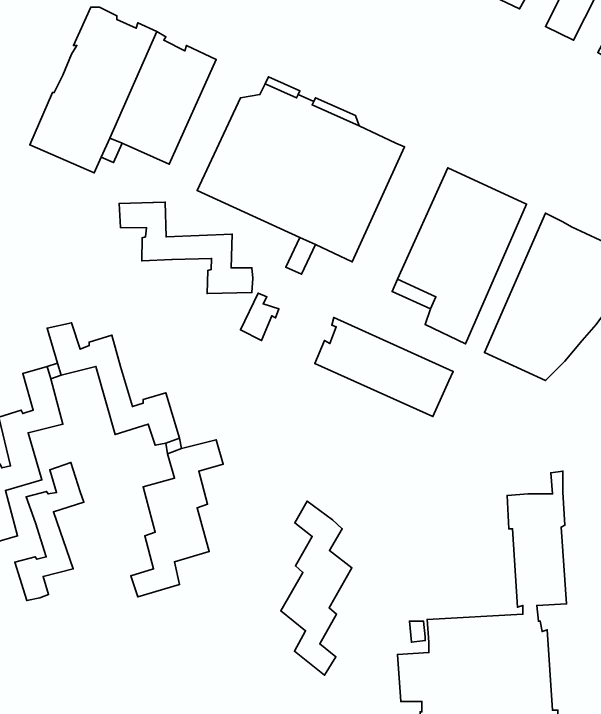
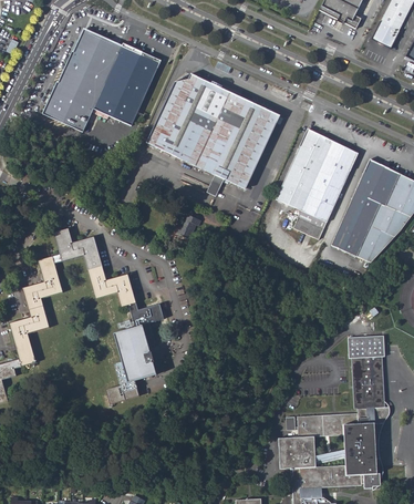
building: [119,202,253,293] -> none
building: [315,317,453,416] -> none
building: [15,462,84,601] -> none
building: [281,501,352,675] -> none

